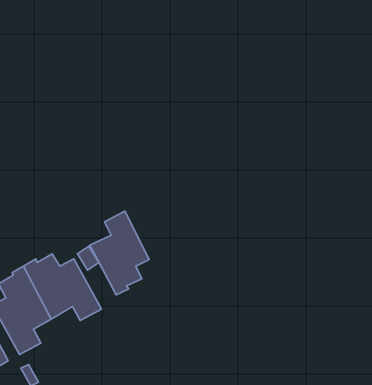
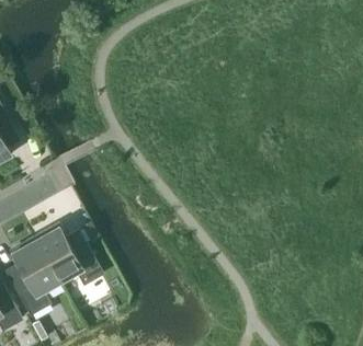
building: [90,211,149,295] -> none

